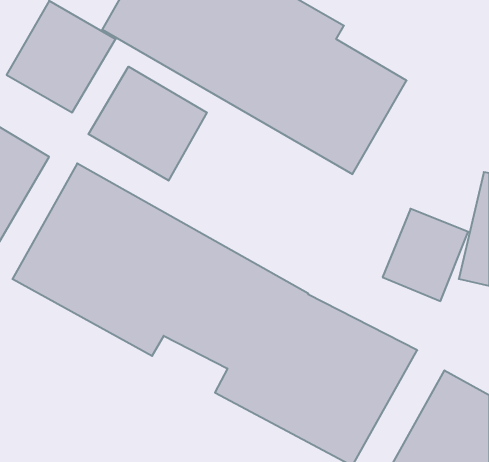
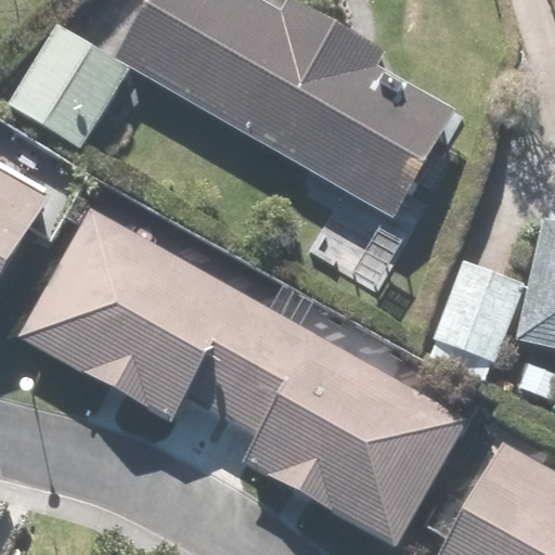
building: [88,67,207,181] -> none

